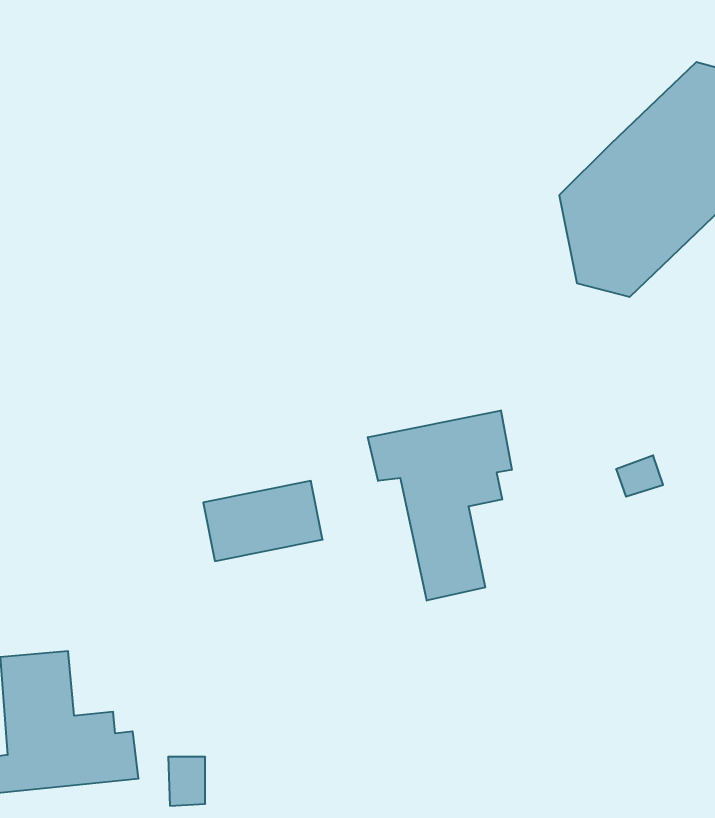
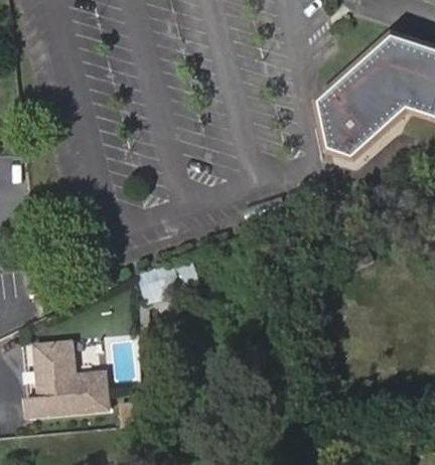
building: [368,410,512,601] -> none

